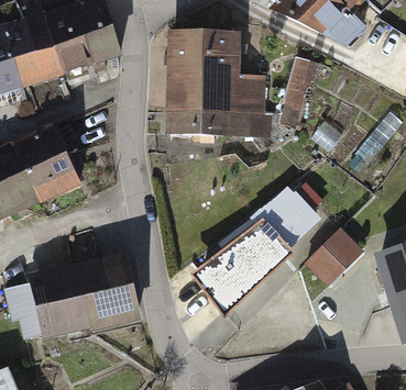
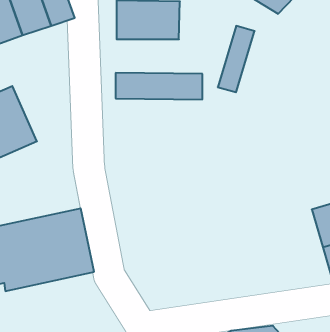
building: [166,71,261,109] -> none
building: [204,188,318,307] -> none
building: [303,229,363,288] -> none

